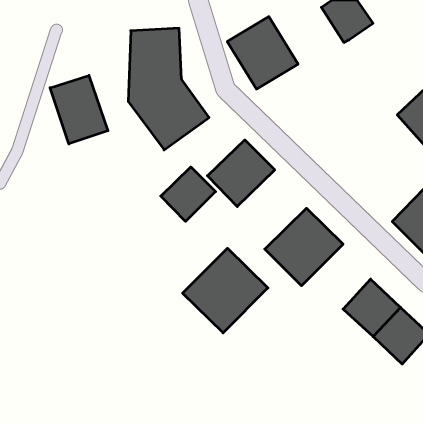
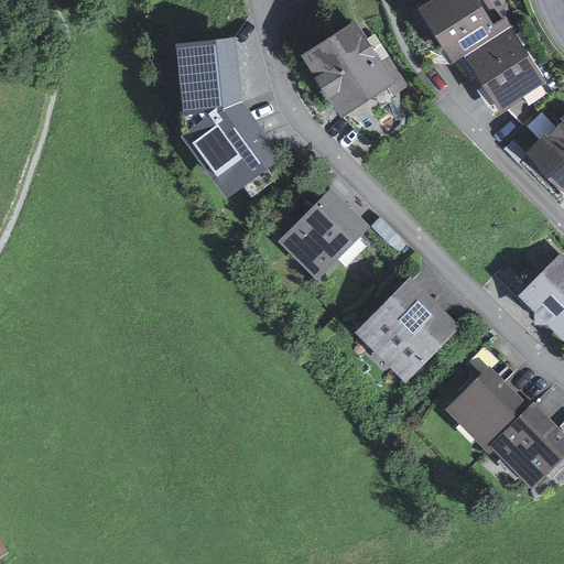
building: none -> [465,28,542,109]
building: [50,75,108,144] -> none
building: [161,167,216,221] -> none
building: [183,248,268,333] -> none

